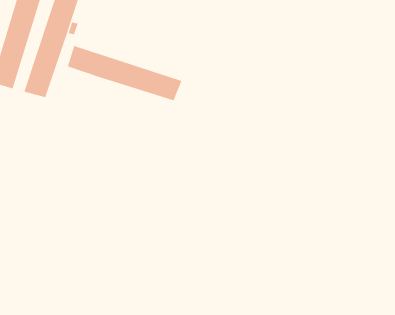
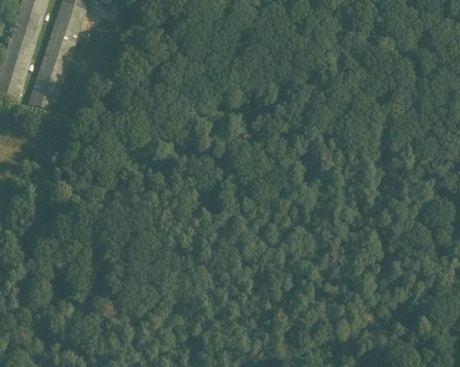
building: [67,45,182,101] -> none

